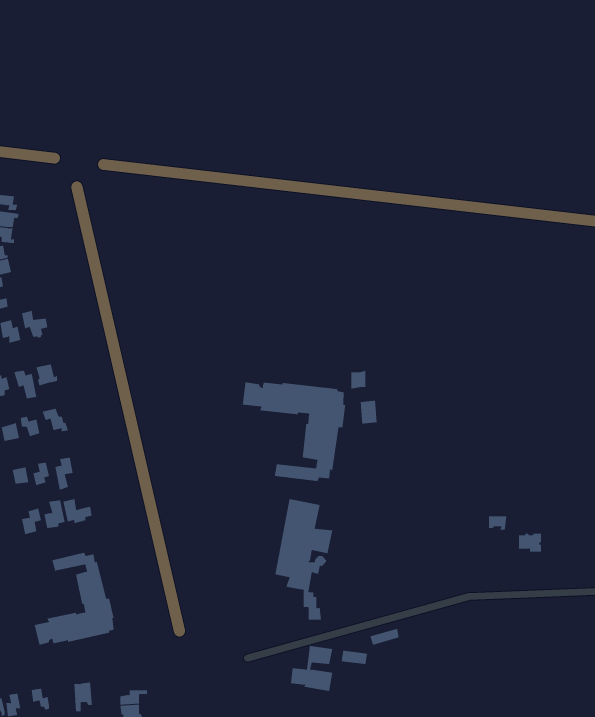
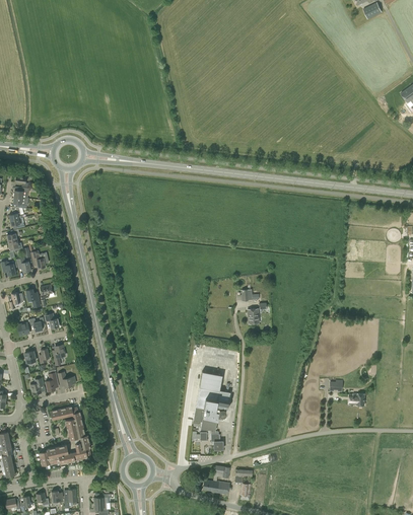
building: [242,381,346,482] -> none

